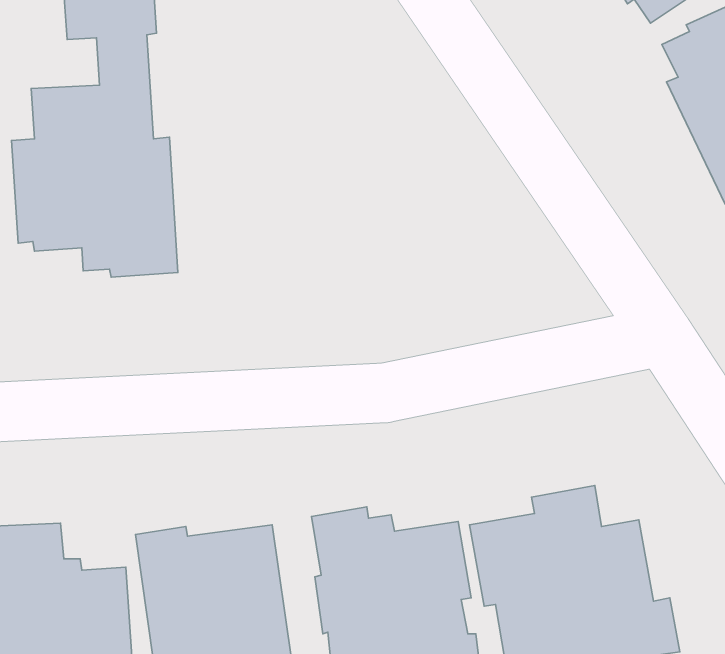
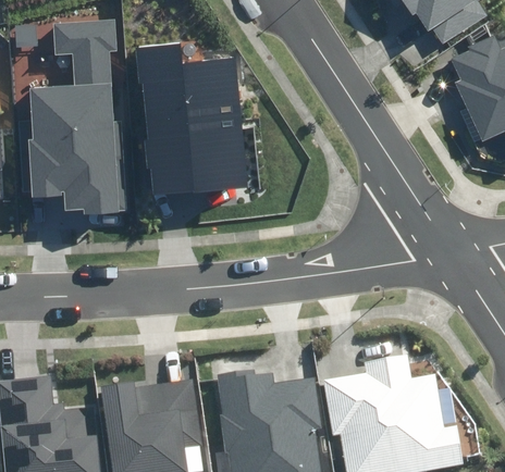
building: none -> [136,46,249,195]

